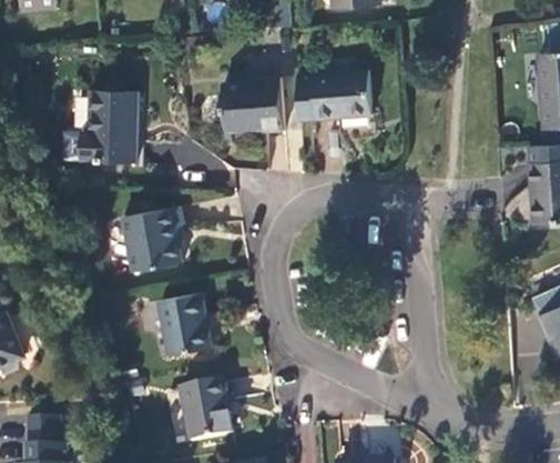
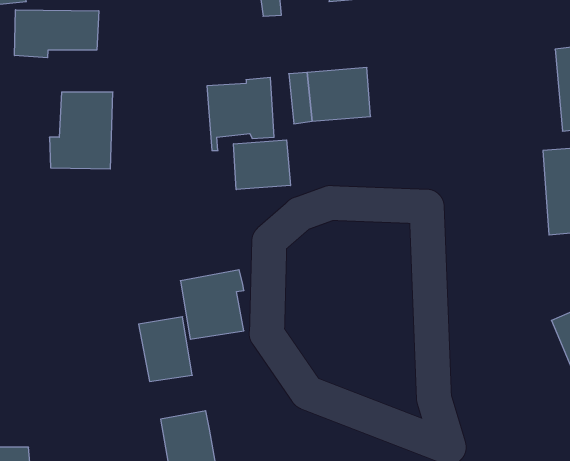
building: none -> [15,10,99,58]
building: none -> [234,140,290,190]
building: [123,208,181,271] -> [180,270,244,339]

